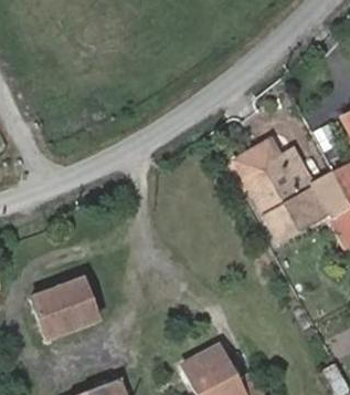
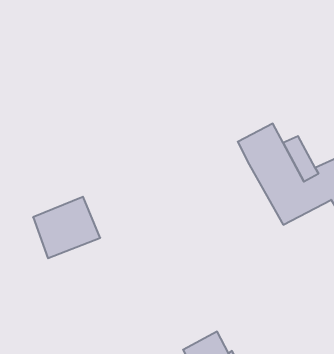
building: [36,280,102,340] -> [33,197,100,258]

